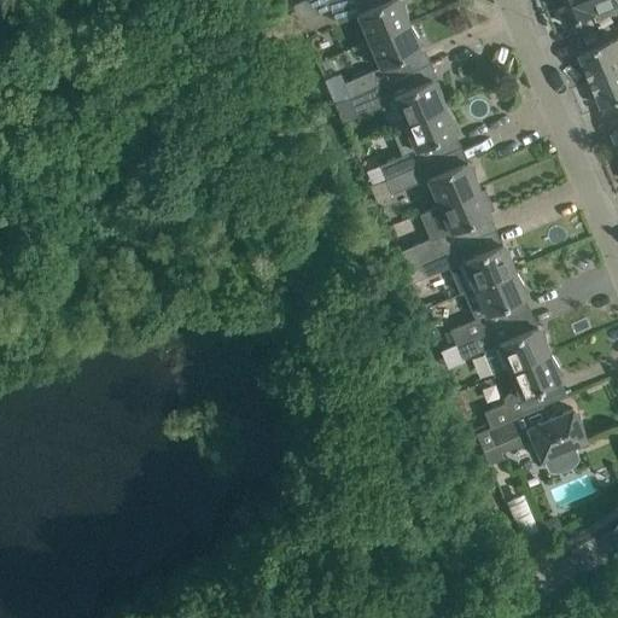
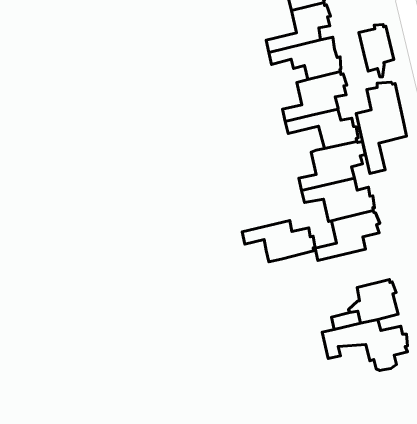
building: none -> [359,25,394,77]
building: none -> [356,82,407,174]
building: [455,322,549,378] -> [242,221,315,262]

